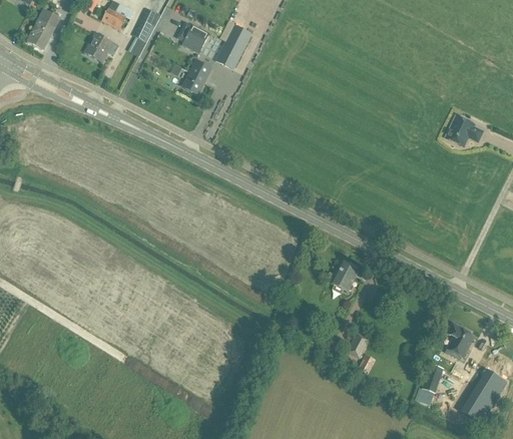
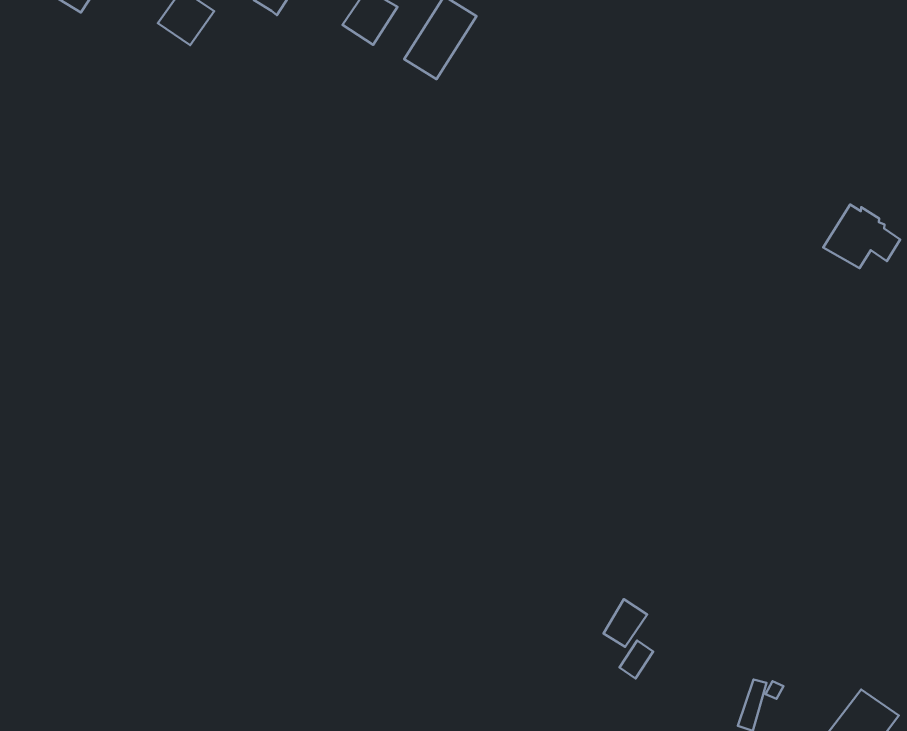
building: [182,60,210,93] -> none
building: [327,261,359,292] -> none
building: [446,324,474,360] -> none

